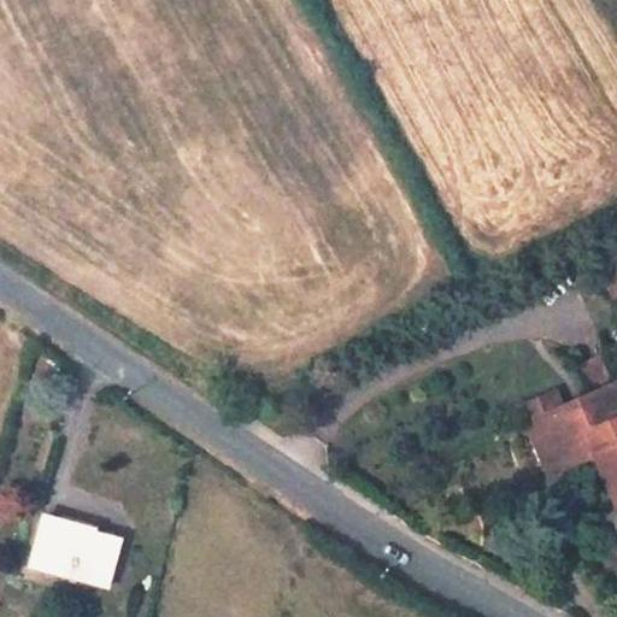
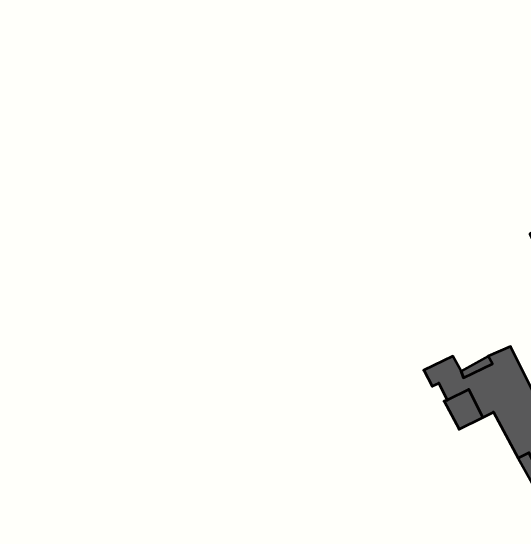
building: [49,518,135,584] -> none

